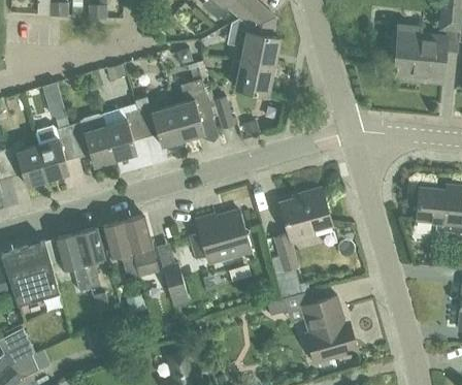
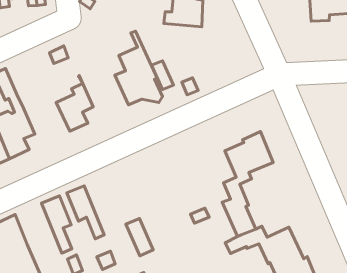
building: [231,57,273,93] -> none
building: [134,97,183,146] -> none
building: [69,115,116,165] -> none
building: [188,208,251,260] -> none
building: [123,215,157,276] -> none
building: [44,232,89,292] -> none

